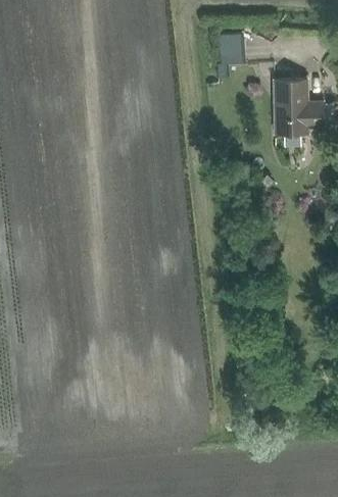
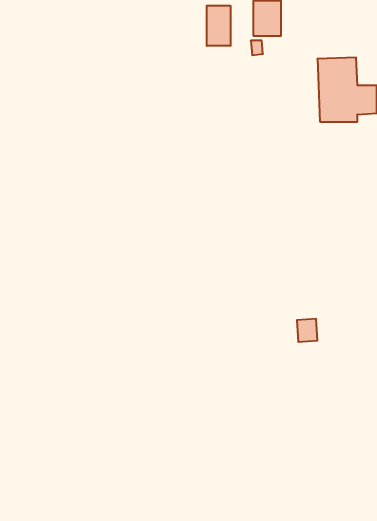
building: none -> [207,6,230,46]

